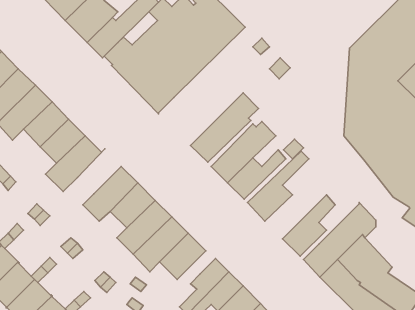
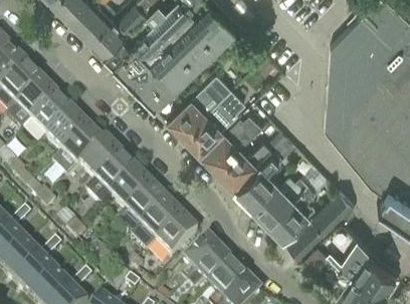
building: none -> [170,72,234,135]
building: none -> [81,138,122,180]
building: none -> [253,175,310,221]

